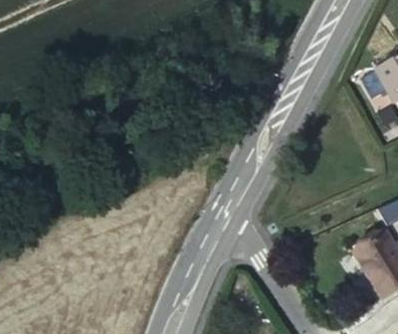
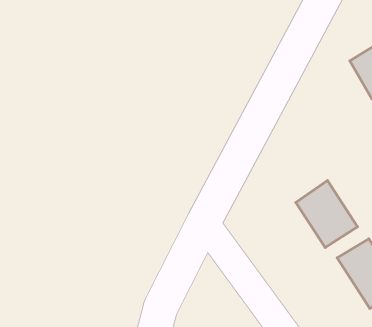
building: none -> [296,181,358,248]

